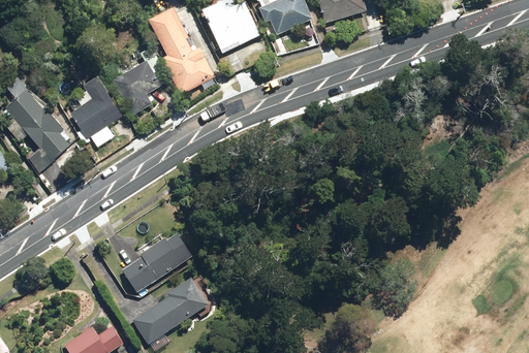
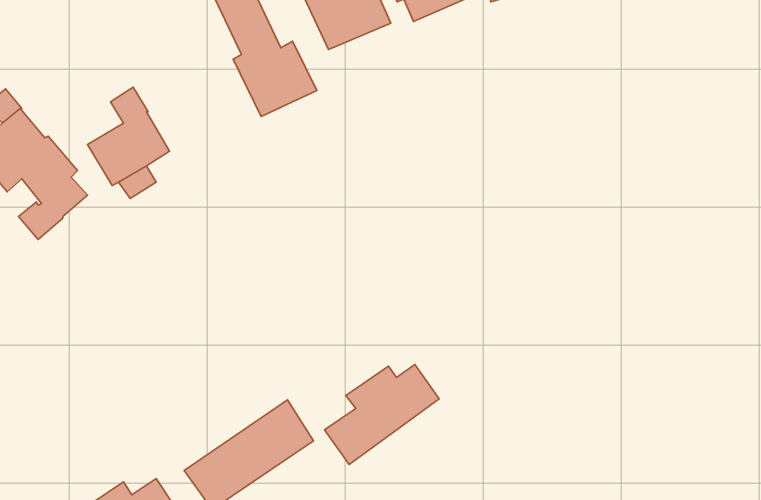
building: [113,51,163,115] -> none
building: [121,230,193,293] -> [325,364,439,464]

